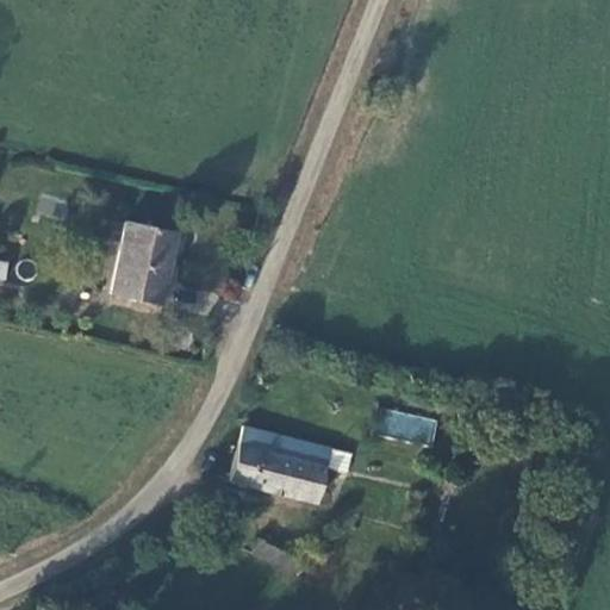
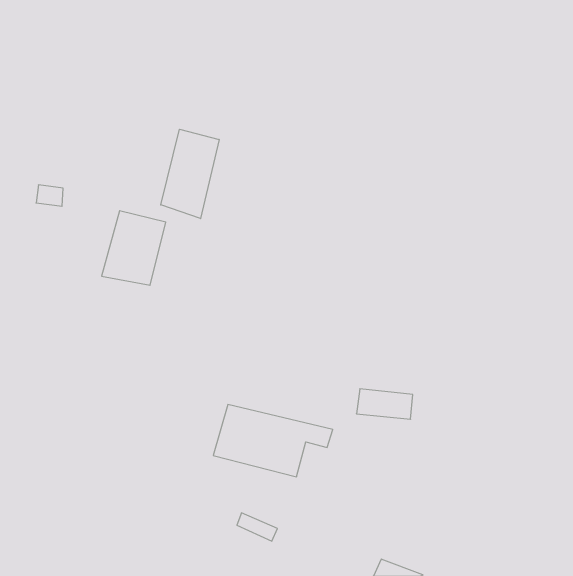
building: none -> [161,129,219,219]

